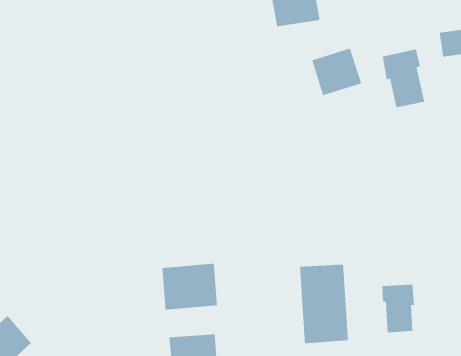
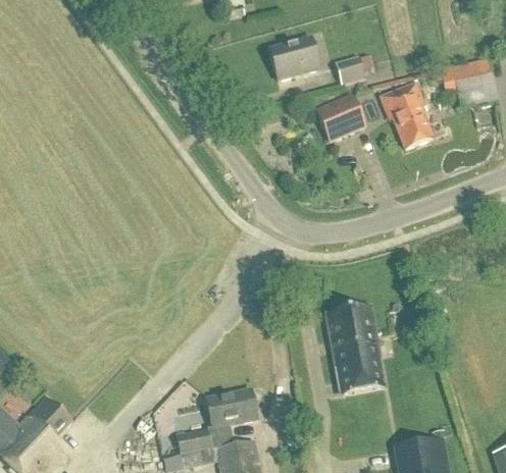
building: none -> [337,55,367,84]
building: [161,263,218,310] -> none
building: [382,284,415,333] -> none

